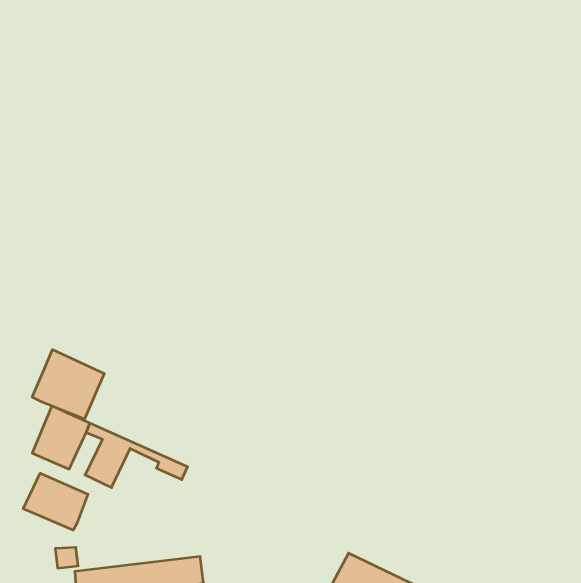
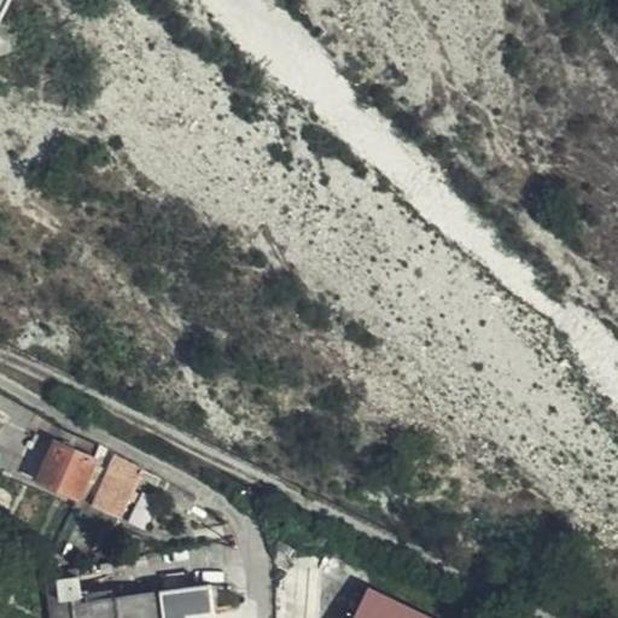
building: [32,350,104,419] -> none
building: [23,473,88,530] -> none

